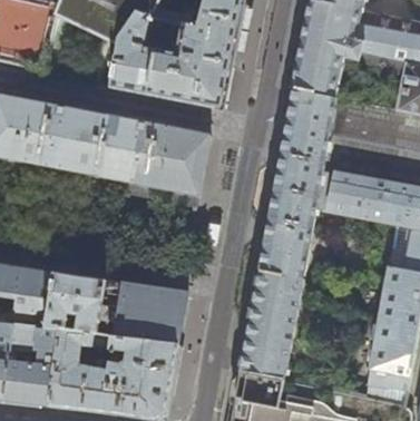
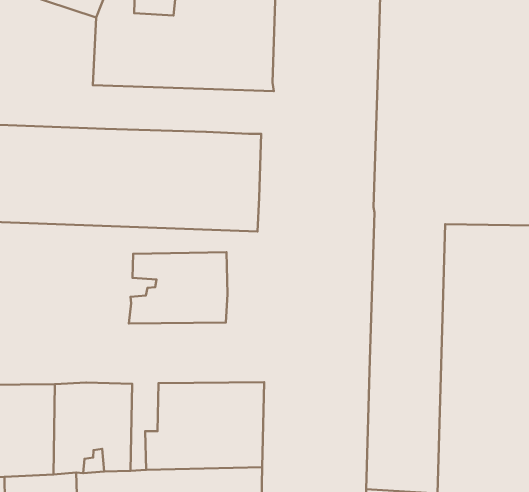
building: none -> [129,252,228,324]

